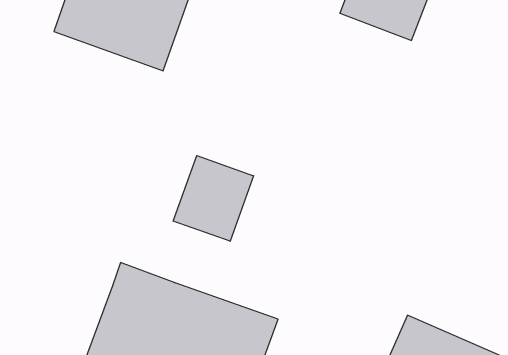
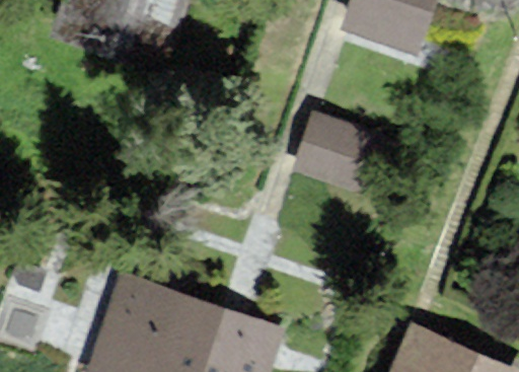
building: none -> [294,115,379,189]
building: [173,156,254,241] -> none

